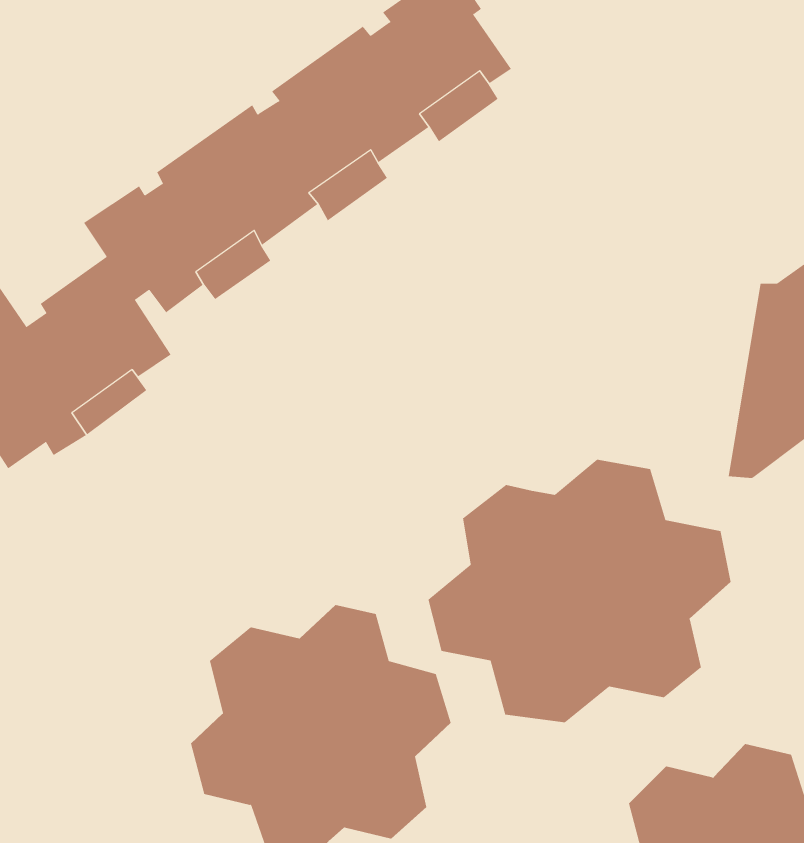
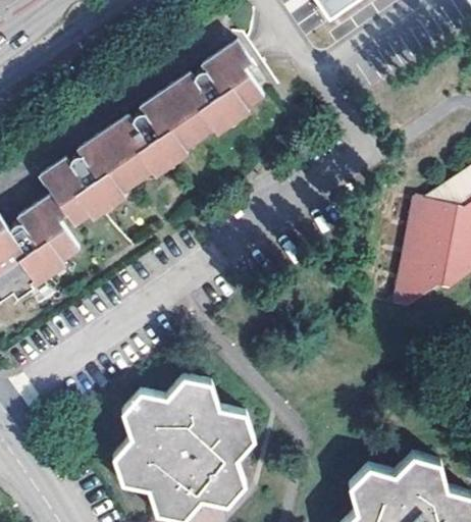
building: [428,459,731,723] -> none

